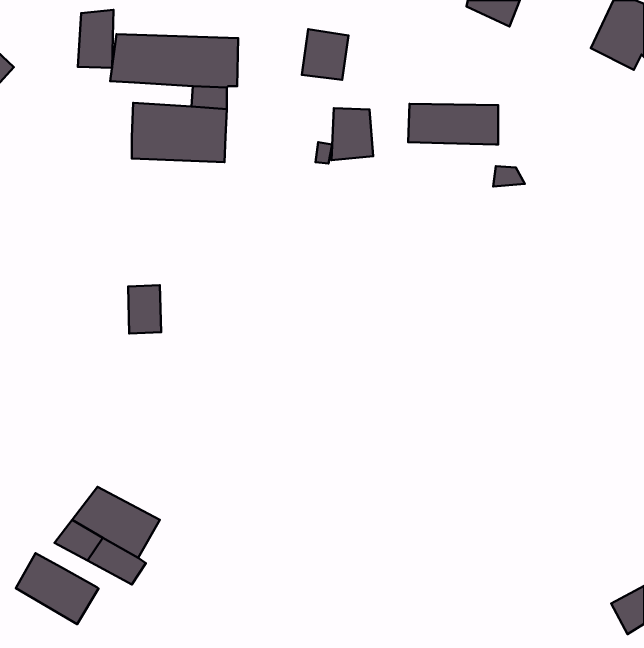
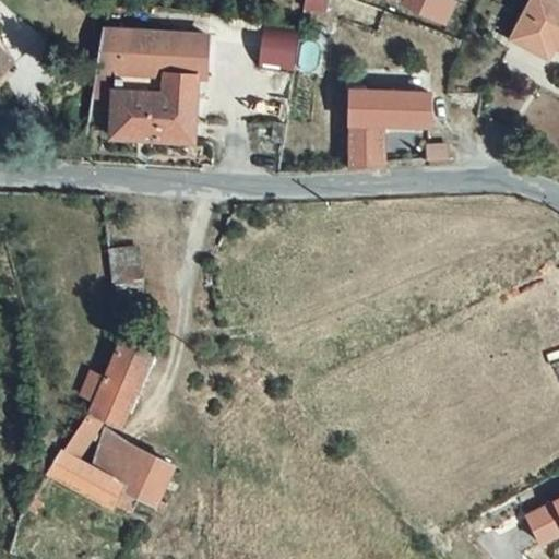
building: [78,10,113,68] -> none
building: [331,108,373,160] -> [349,122,385,167]
building: none -> [91,337,154,425]
building: none -> [119,448,168,499]
building: [16,553,99,624] -> none

